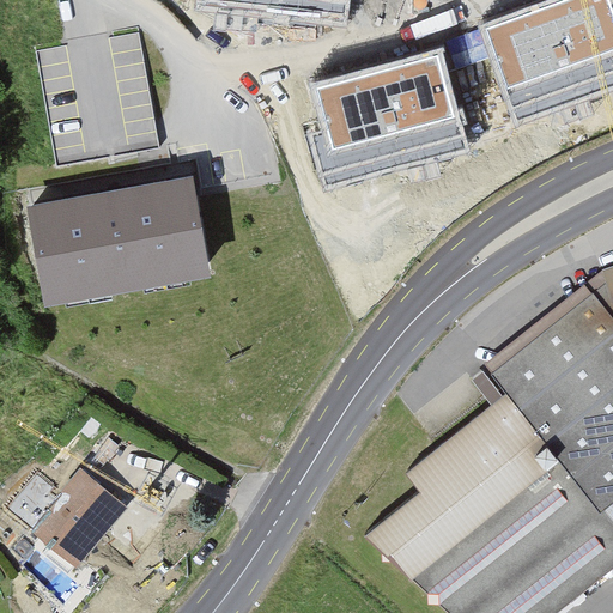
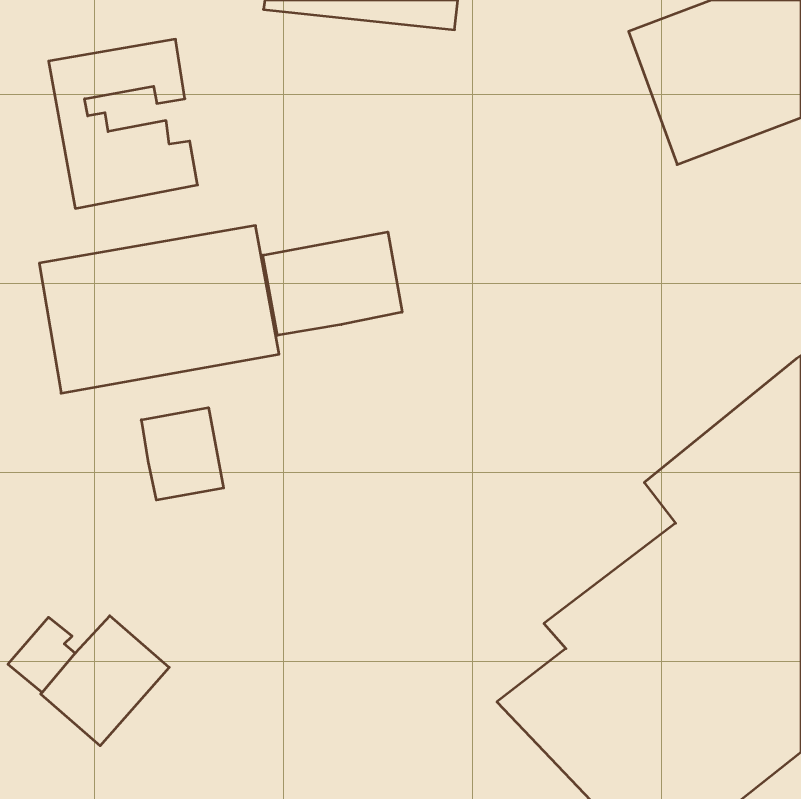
building: [308,44,468,192] -> none
building: none -> [263,232,402,335]
building: none -> [141,408,224,500]

